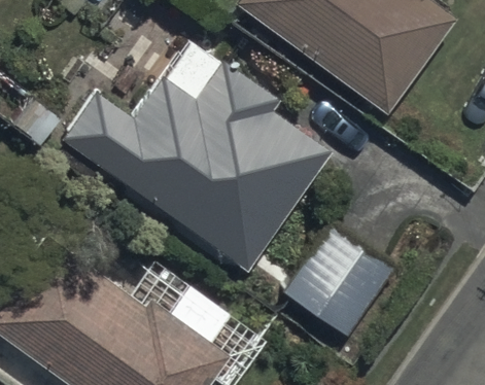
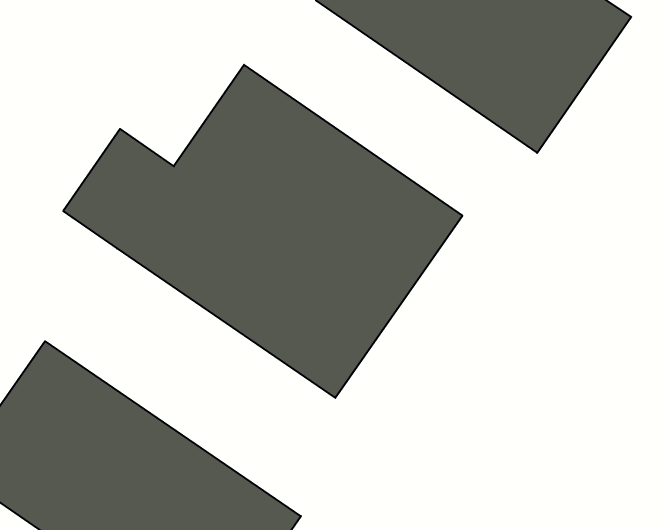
building: [287,224,400,338] -> none

